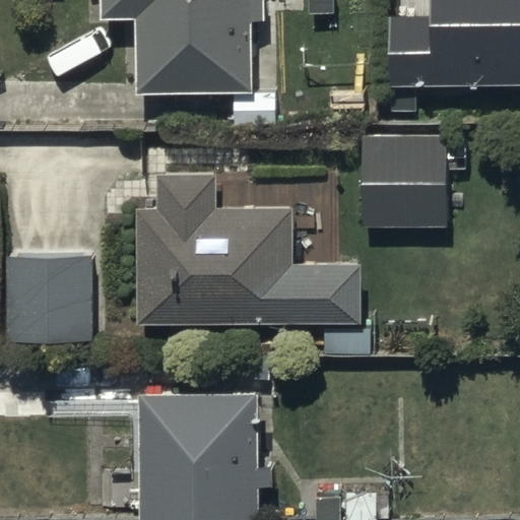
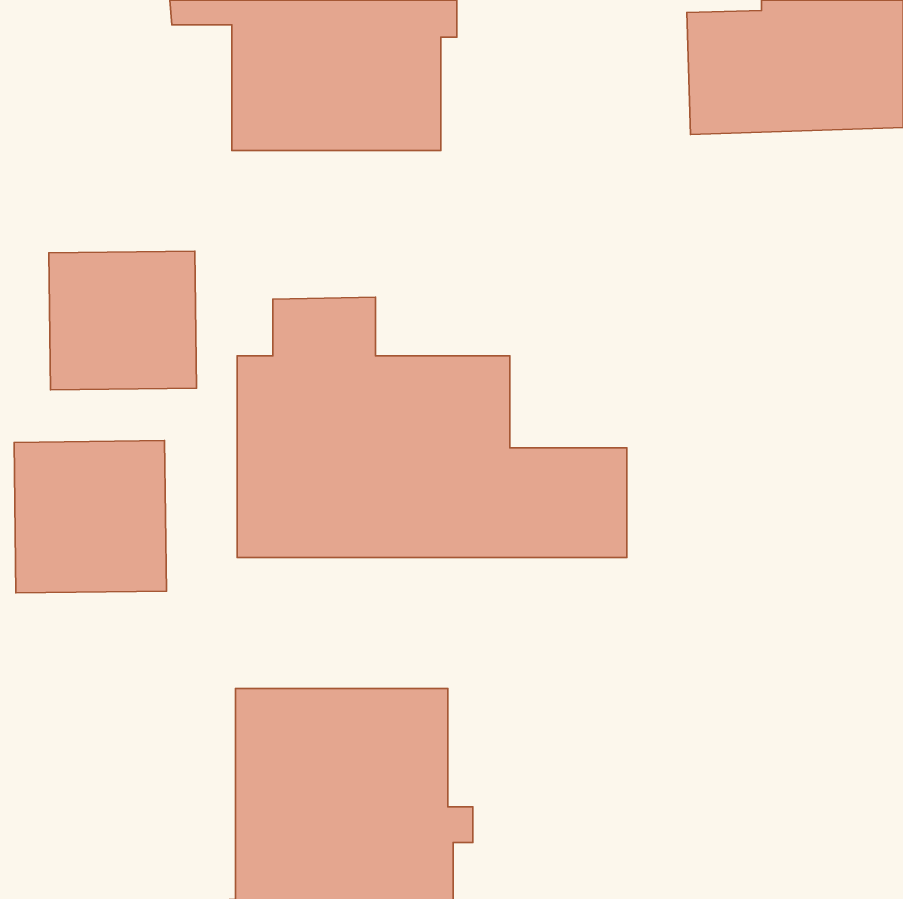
building: [363,137,447,225] -> none
building: none -> [49,251,196,390]

